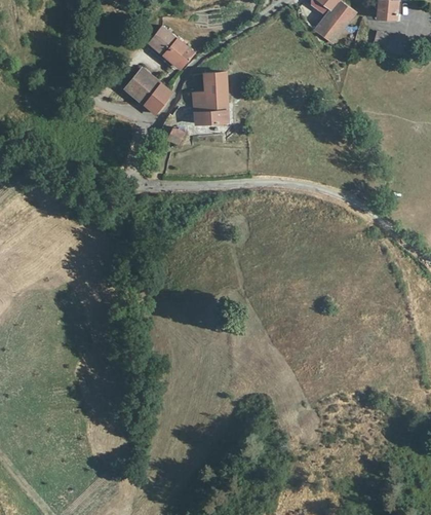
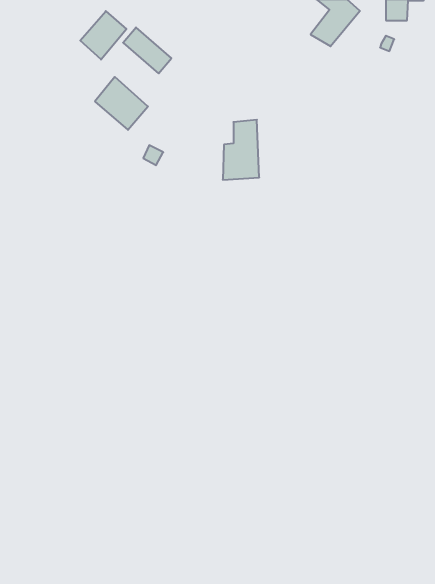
building: none -> [80,11,126,60]
building: [195,70,227,122] -> [223,120,259,180]

